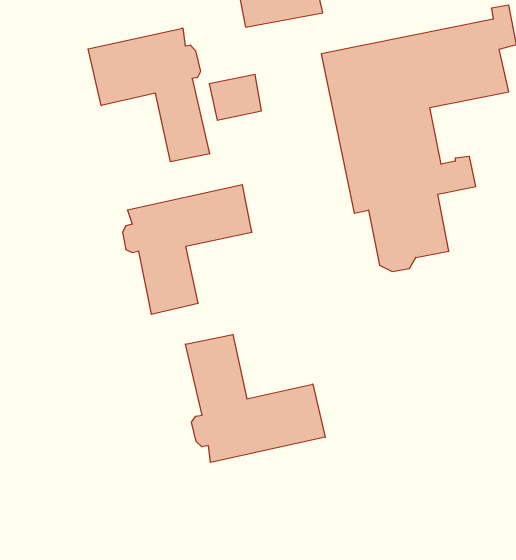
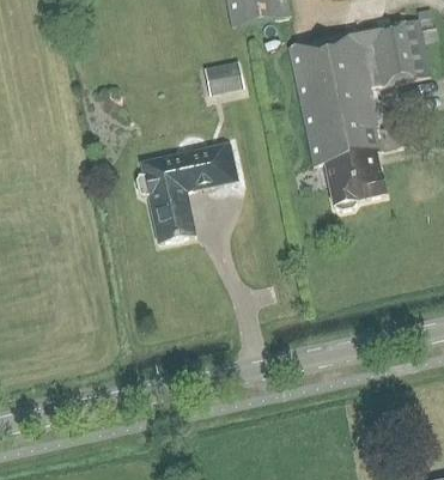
building: [88,28,210,162] -> none
building: [185,334,325,462] -> none

